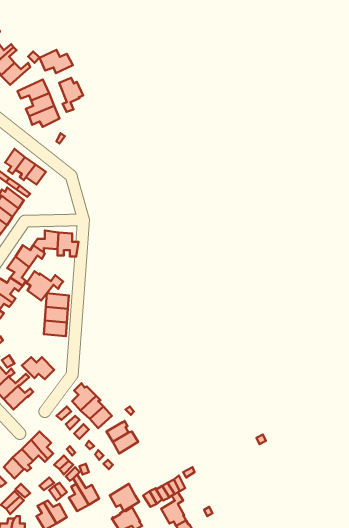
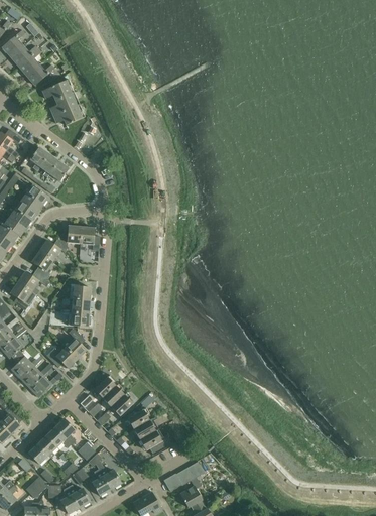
building: [39,50,73,73] -> none
building: [59,78,83,112] -> none
building: [27,271,63,301] -> none
building: none -> [59,329,86,359]
building: [110,484,139,511] -> [139,428,167,455]

